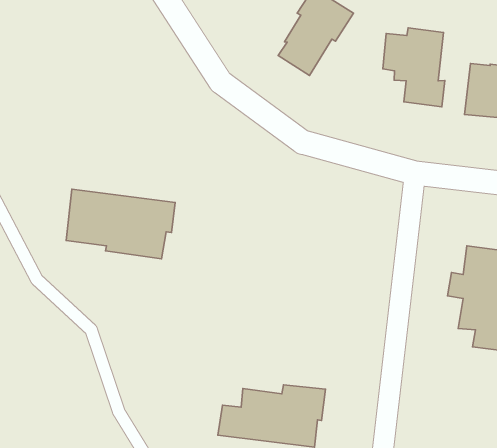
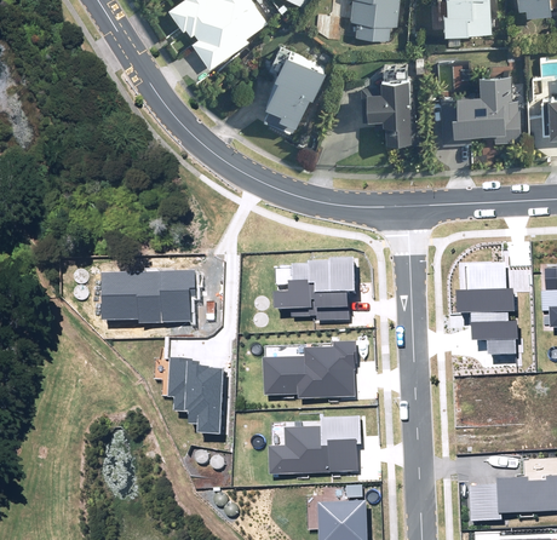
building: none -> [272,258,355,322]
building: none -> [167,358,222,435]
building: none -> [262,341,356,400]

